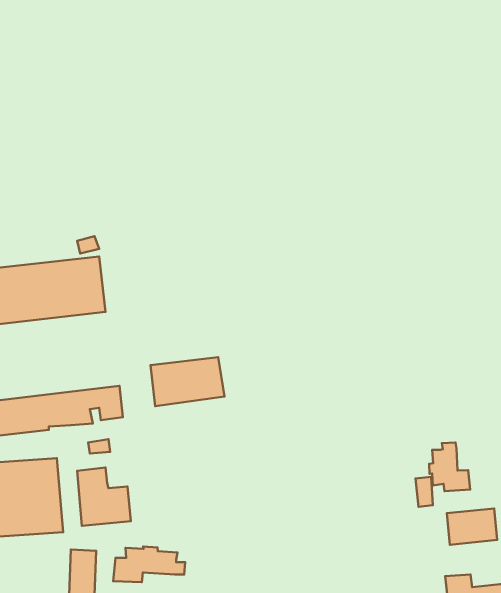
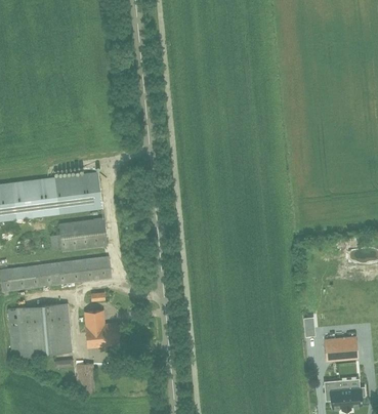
building: [151,357,224,406] -> [58,218,107,250]
building: [429,442,470,491] -> none
building: [113,546,185,582] -> none

